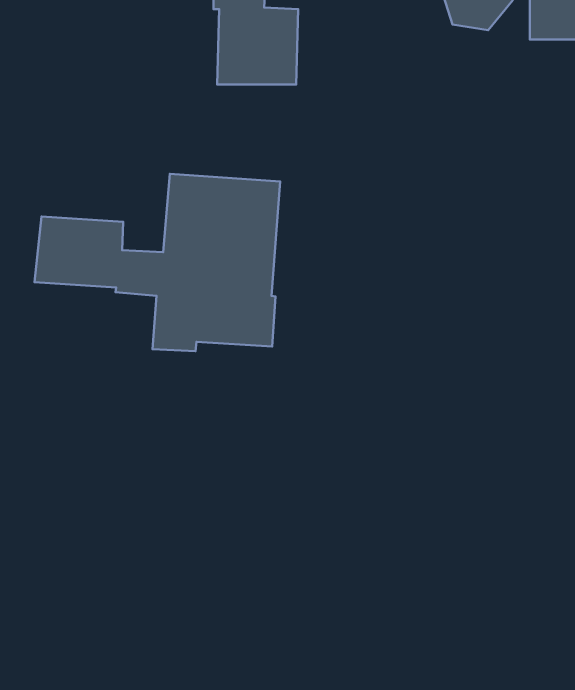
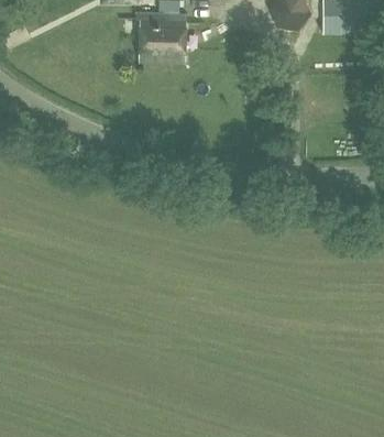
building: [34,174,280,351] -> none

